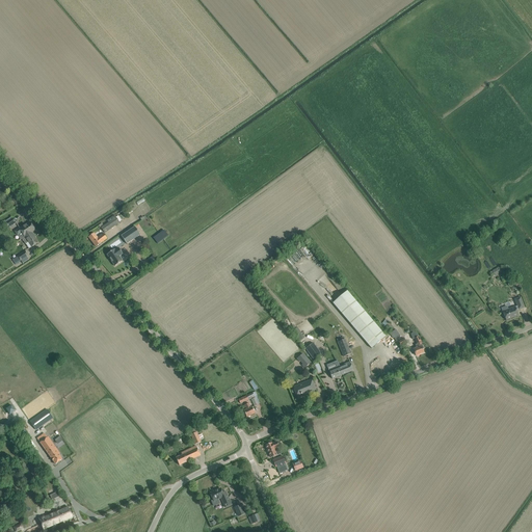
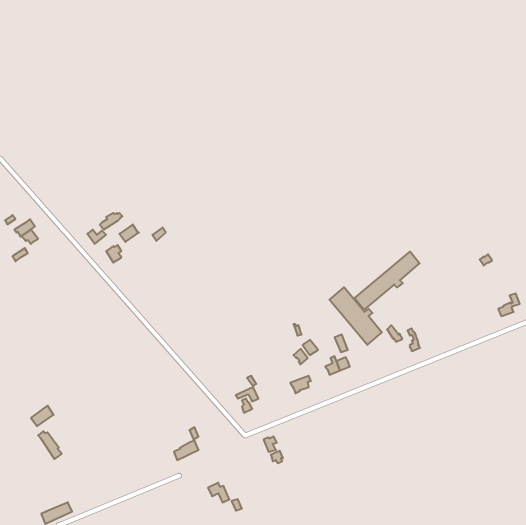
building: none -> [354,252,420,310]

